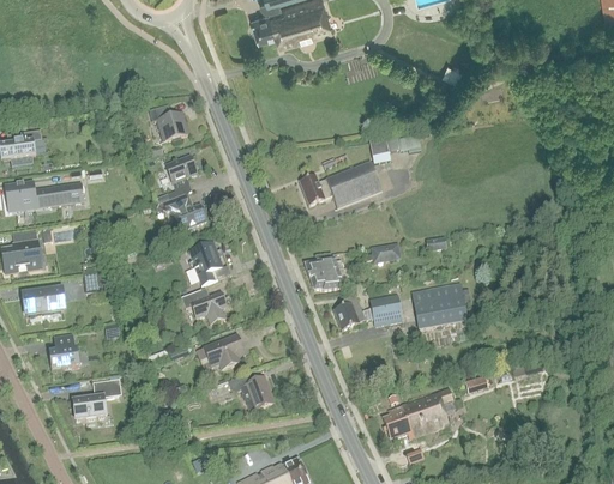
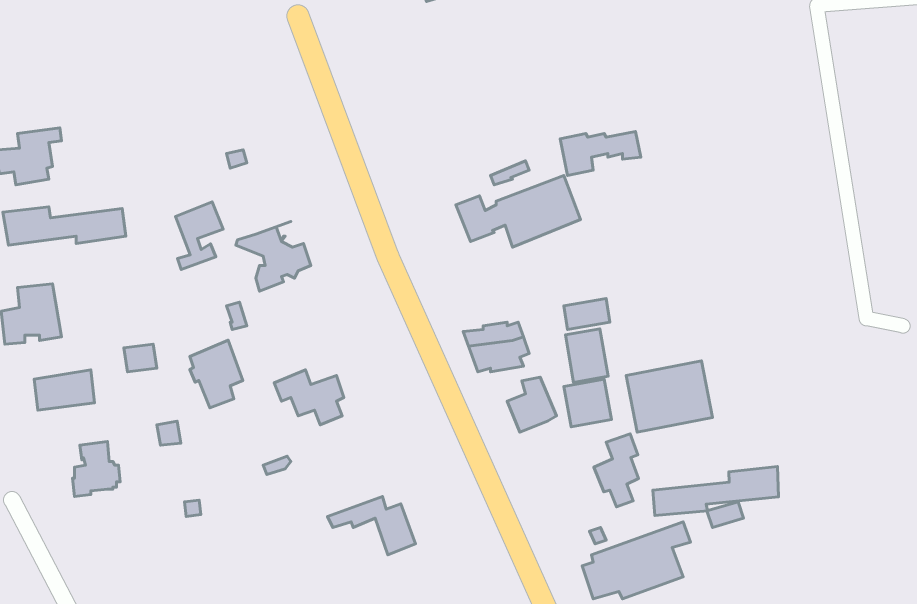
building: [149,104,188,139] -> none
building: [165,155,197,199] -> [176,202,223,270]
building: [188,240,223,284] -> [190,340,243,408]
building: none -> [565,329,608,382]
building: none -> [594,434,639,507]
building: [204,333,245,369] -> none
building: none -> [653,466,778,516]
building: [73,377,119,419] -> none

